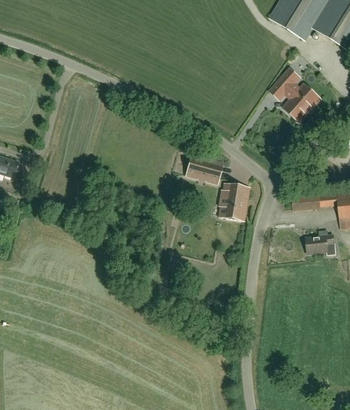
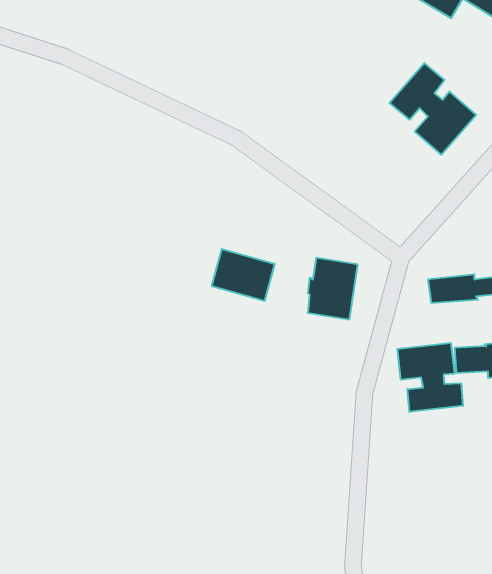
building: [184,153,222,184] -> [212,249,275,301]
building: none -> [397,343,463,412]

